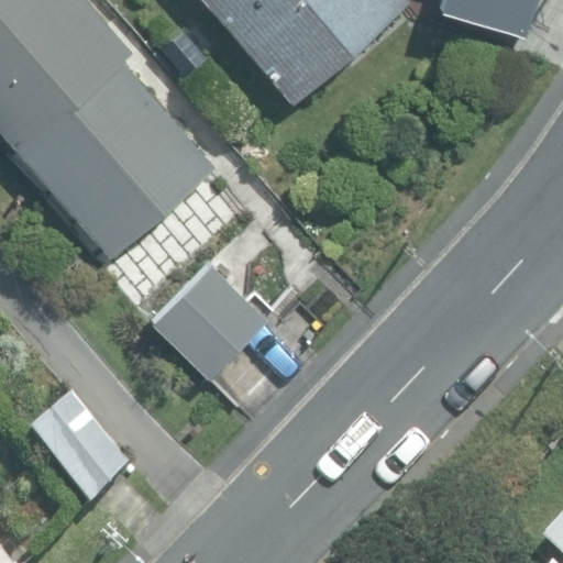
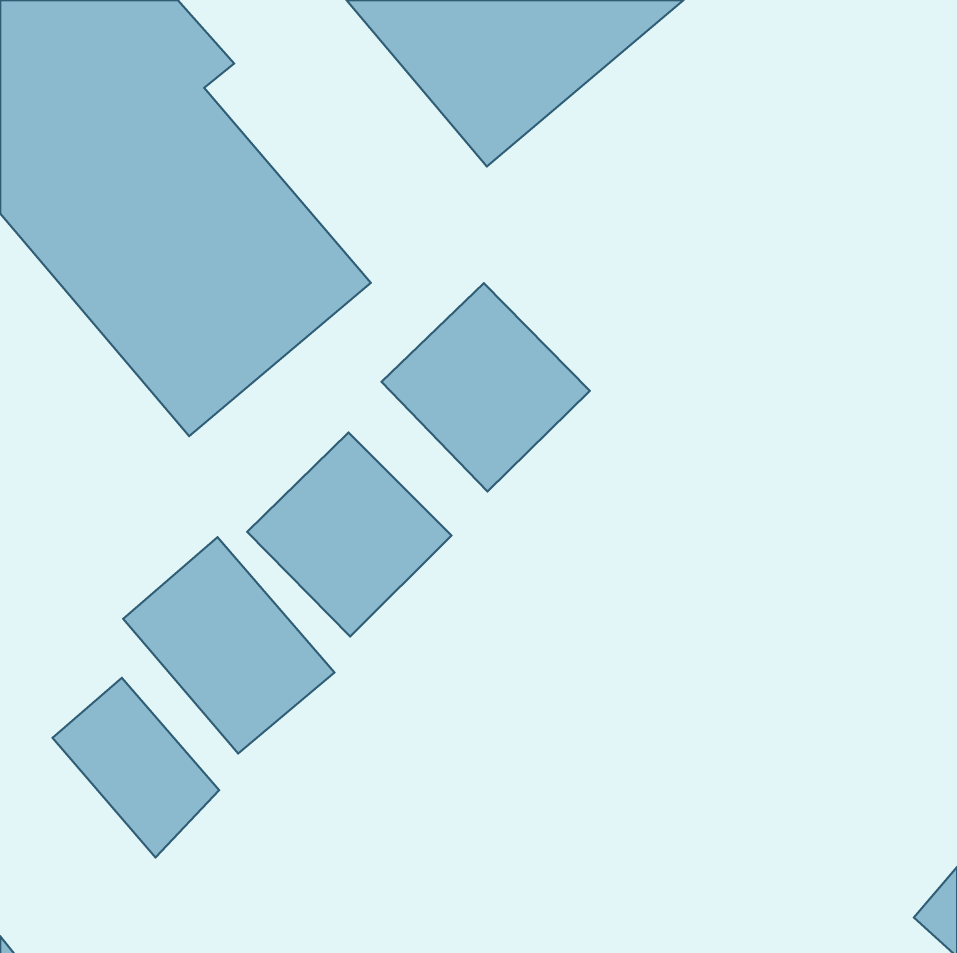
building: none -> [381,283,590,491]
building: none -> [123,537,334,754]

